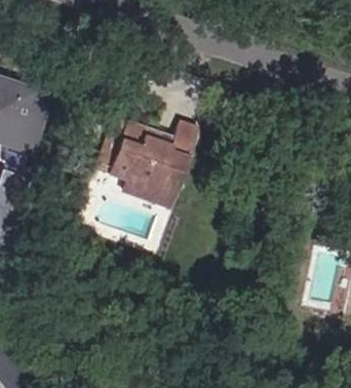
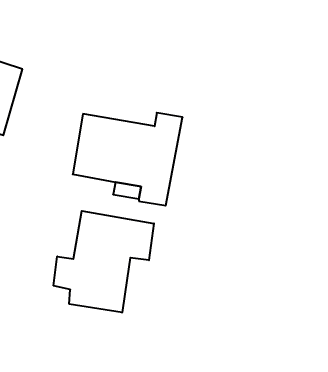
building: none -> [54,211,154,313]

